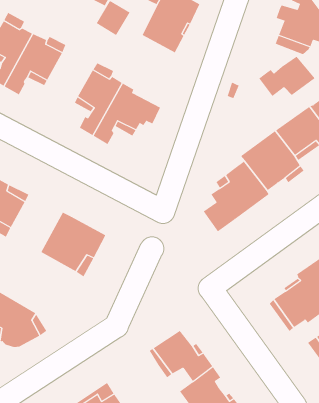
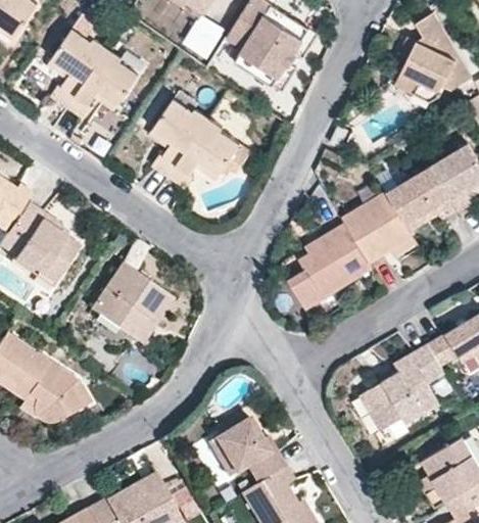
building: [259,56,315,97] -> none

